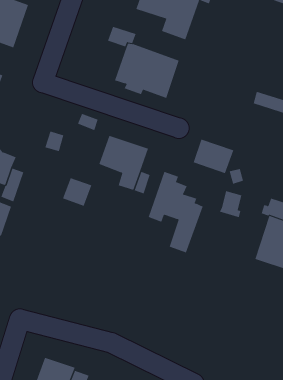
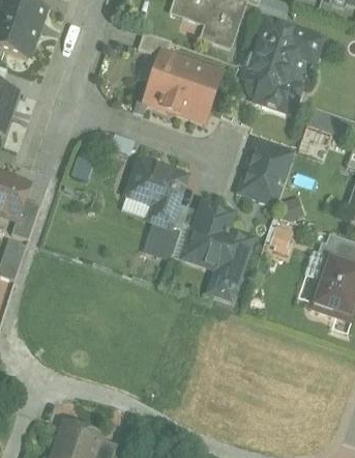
building: none -> [249,20,320,111]
building: none -> [247,138,295,177]
building: [62,177,92,206] -> [143,224,178,258]

